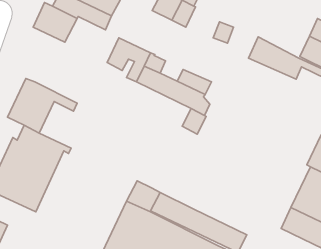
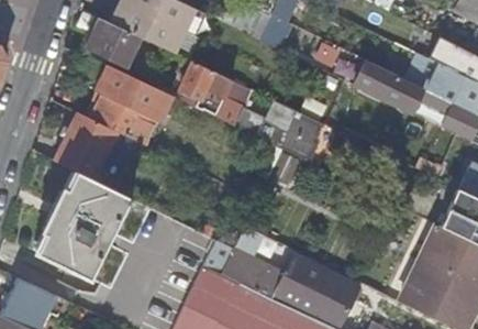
building: none -> [89,67,176,144]
building: none -> [287,254,363,307]

